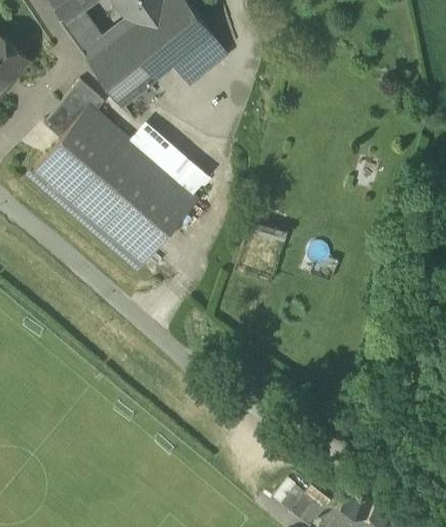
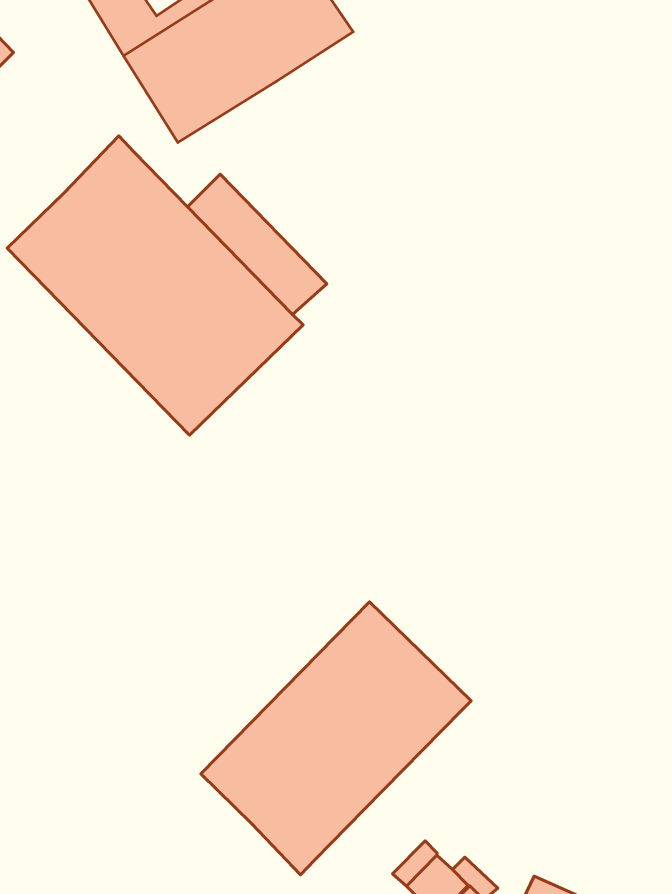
building: [172,35,227,85] -> none
building: [42,80,104,137] -> none
building: none -> [201,602,471,875]

